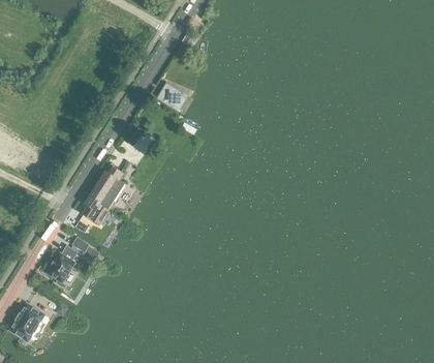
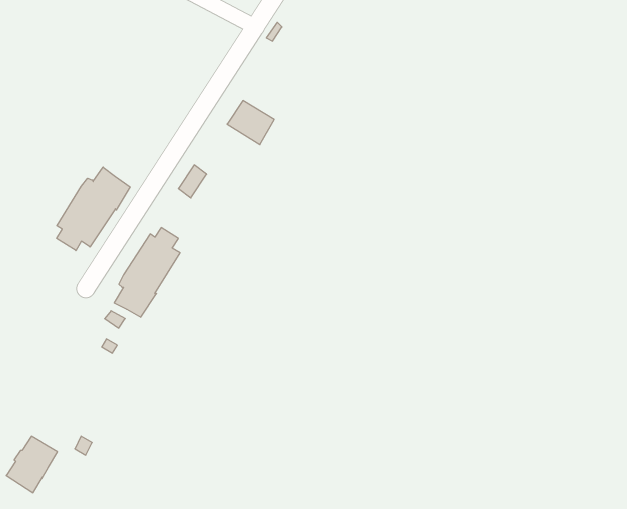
building: none -> [57,167,130,251]
building: [47,245,79,282] -> none

